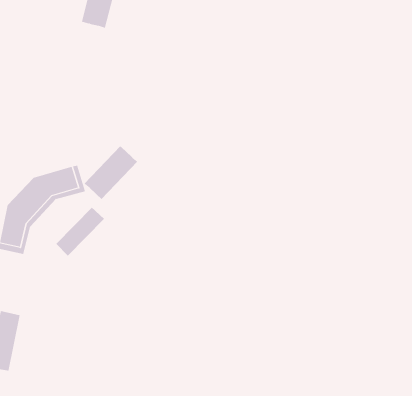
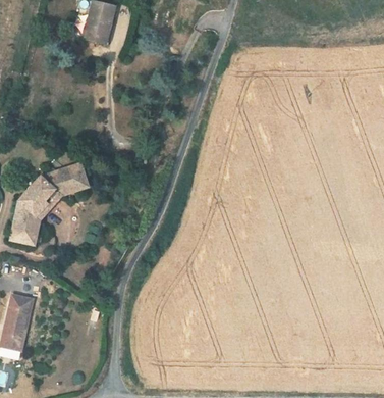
building: [84,146,138,200] -> none
building: [56,207,105,257] -> none

